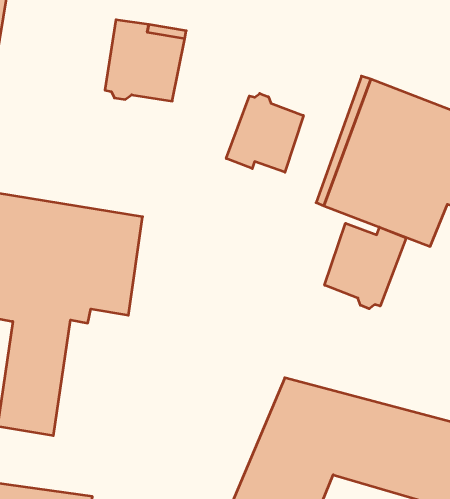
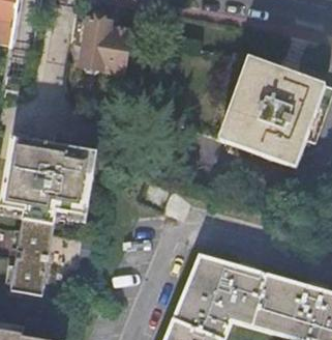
building: [226,93,303,172] -> none
building: [325,223,406,309] -> none

